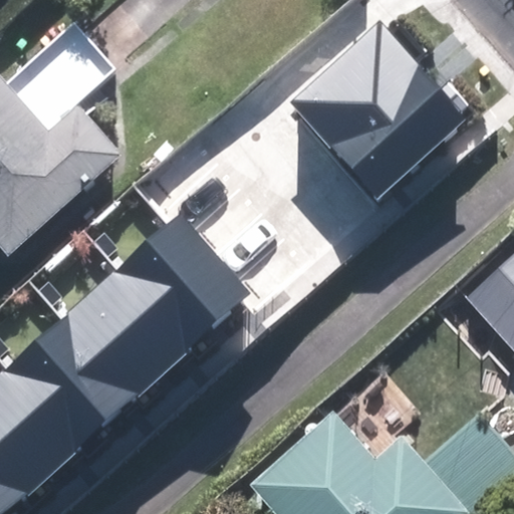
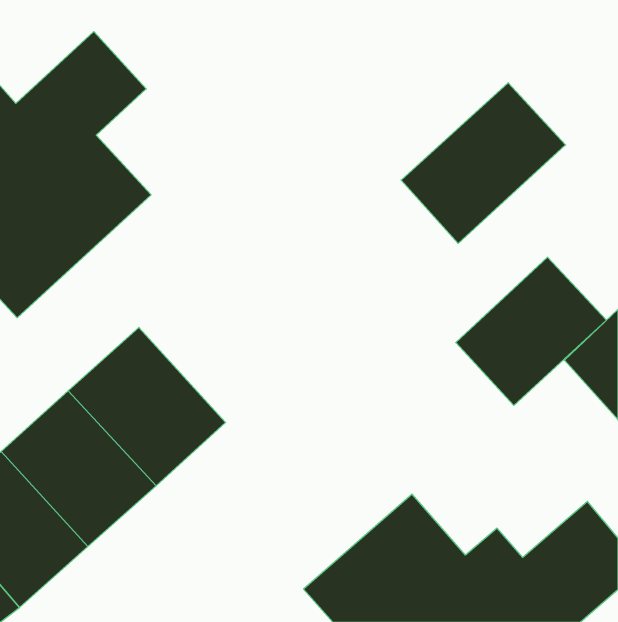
building: [286,21,419,149] -> none
building: none -> [456,257,606,405]
building: [114,215,247,348] -> none

